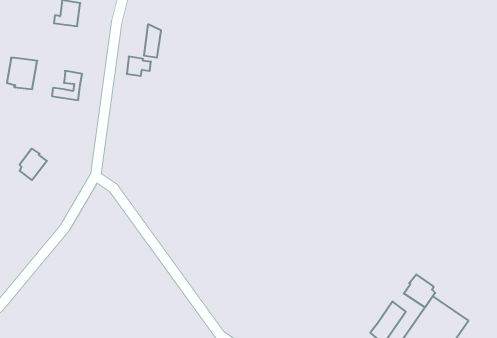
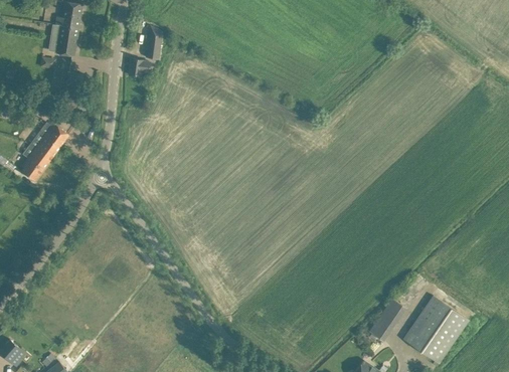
building: [7,58,37,89] -> [47,24,77,55]
building: none -> [32,123,67,161]
building: [404,274,435,307] -> none

